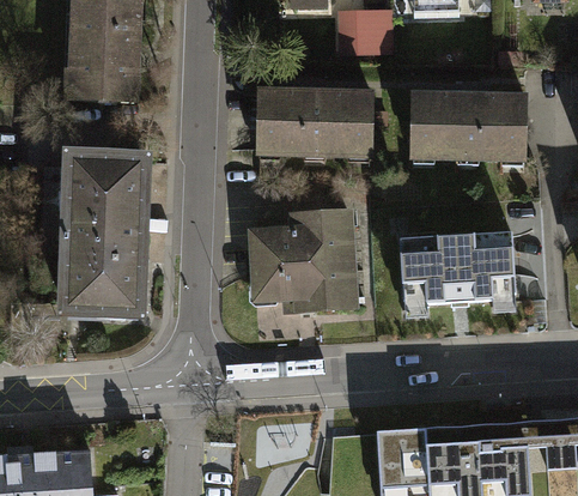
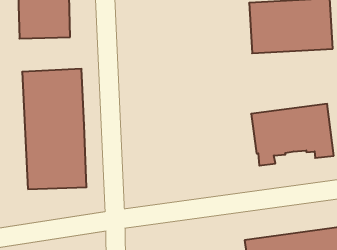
building: [251,86,372,152] -> none
building: [248,214,360,322] -> none

